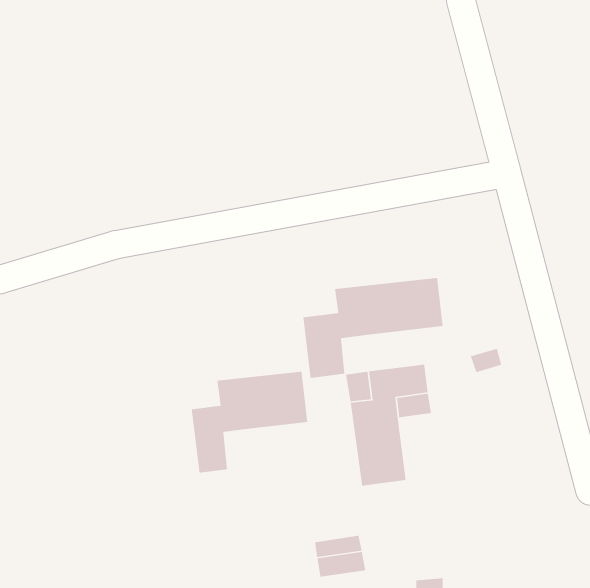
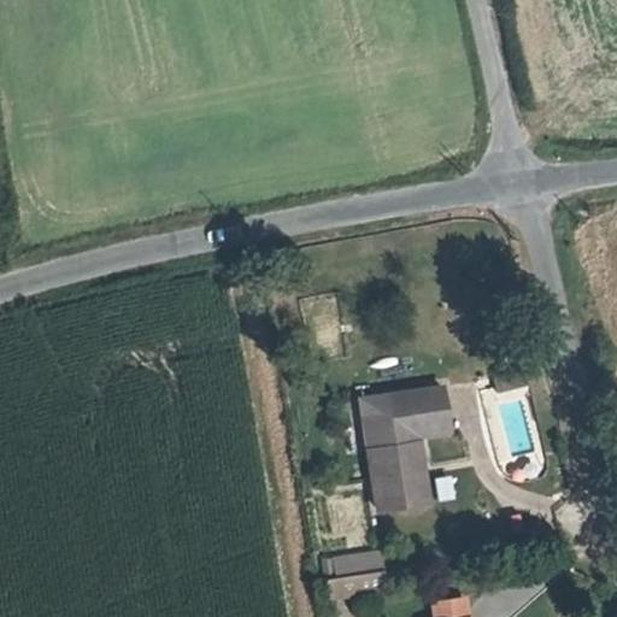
building: [302,277,443,379] -> none
building: [191,371,308,473] -> none

